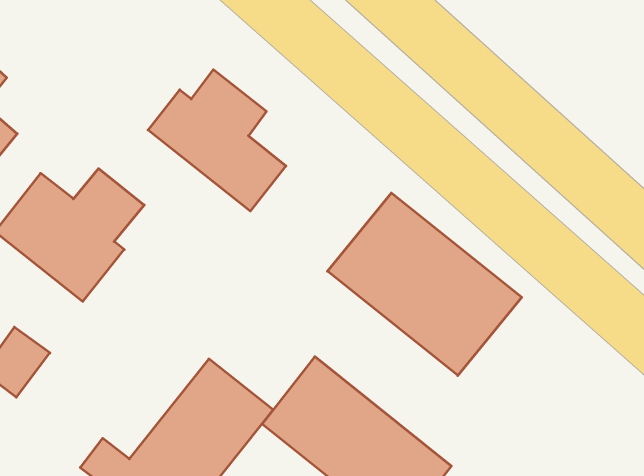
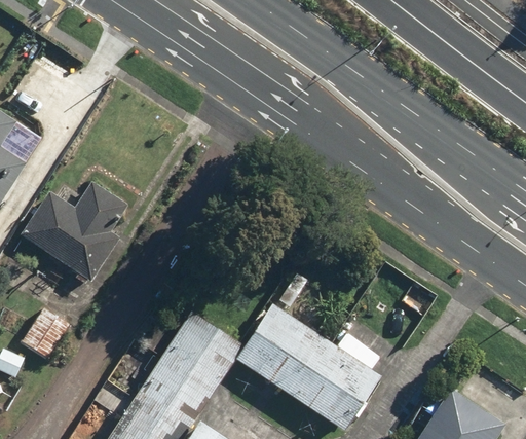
building: [148,70,286,211] -> none
building: [327,193,522,376] -> none

